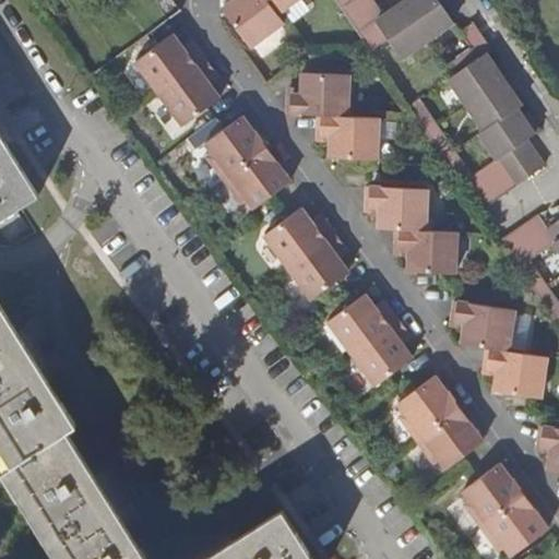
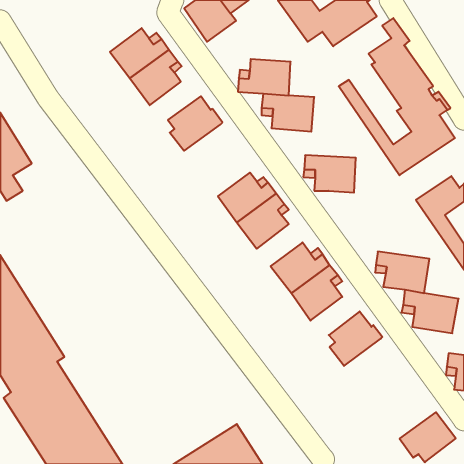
building: [222,150,289,209] -> none
building: [394,229,456,275] -> none
building: [414,407,481,467] -> none
building: [461,462,526,527] -> none

